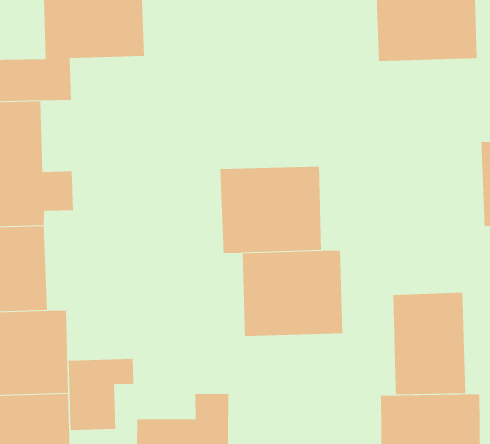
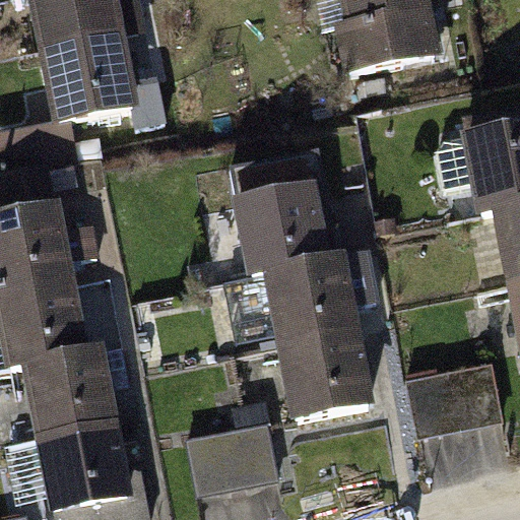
building: [393,292,466,395] -> none
building: none -> [273,330,378,422]
building: [68,358,134,431] -> none

